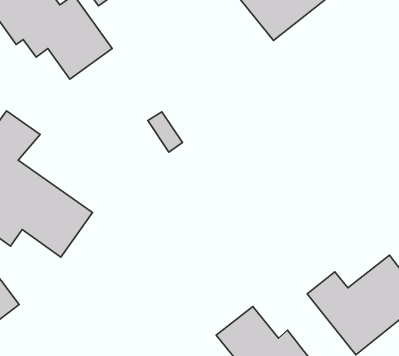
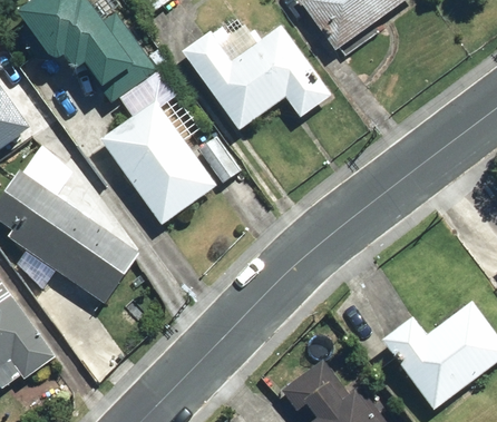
building: none -> [181,23,331,131]
building: none -> [98,84,216,225]

